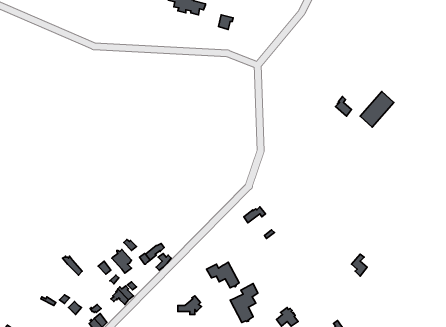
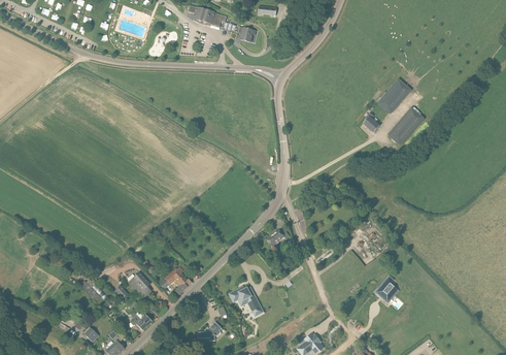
building: none -> [379,79,410,112]
building: [230,283,258,323] -> none

